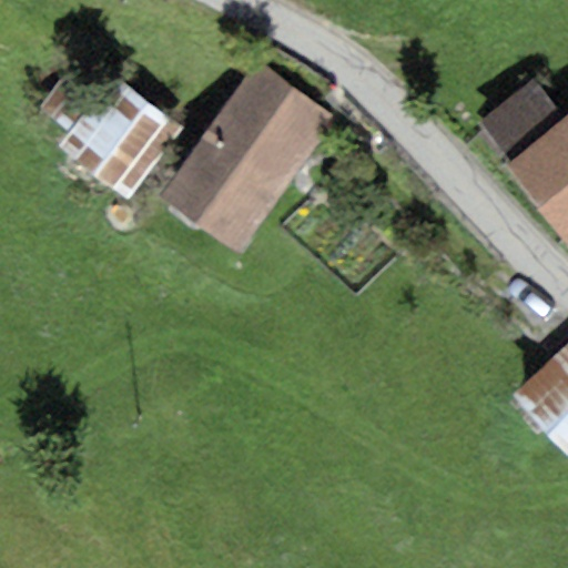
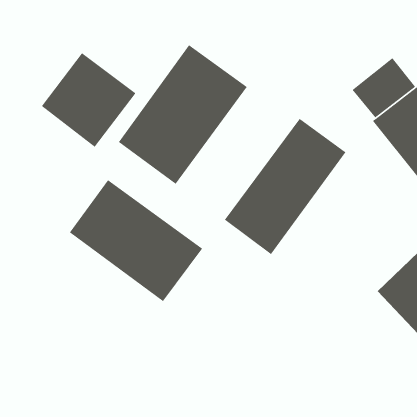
building: none -> [224,118,347,255]
building: none -> [69,179,203,302]

